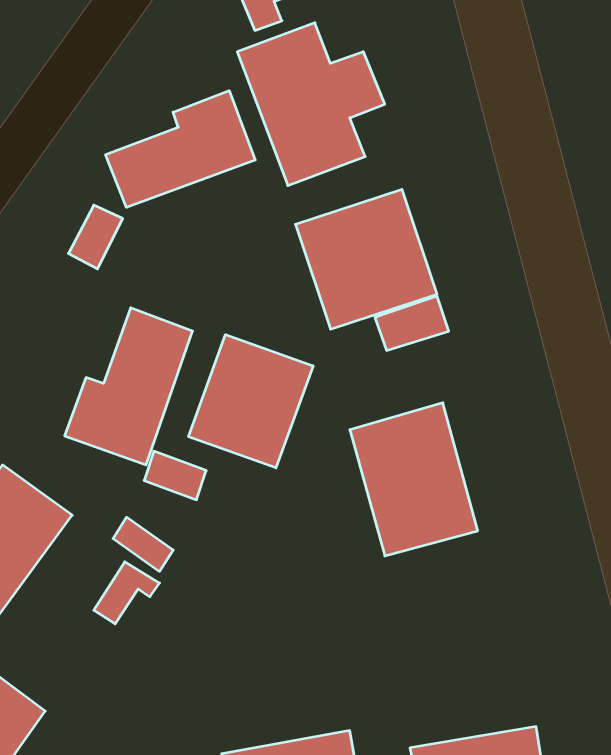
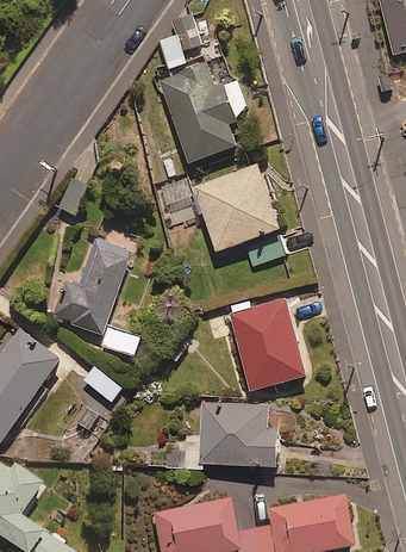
building: [106,91,255,207] -> none
building: [189,335,313,468] -> none
building: none -> [199,404,280,467]

